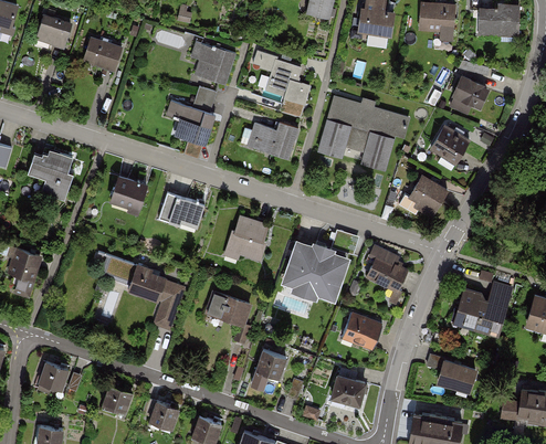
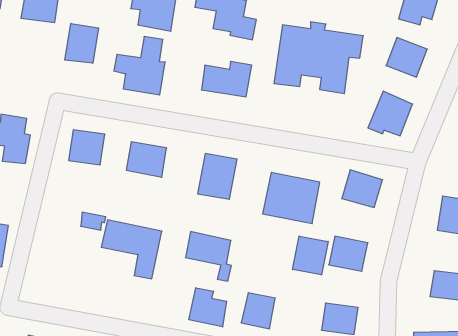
building: none -> [65,23,98,63]
building: none -> [293,236,328,275]
building: none -> [189,288,227,327]

